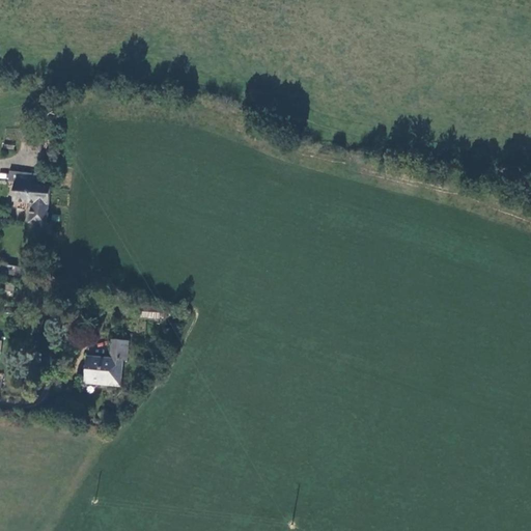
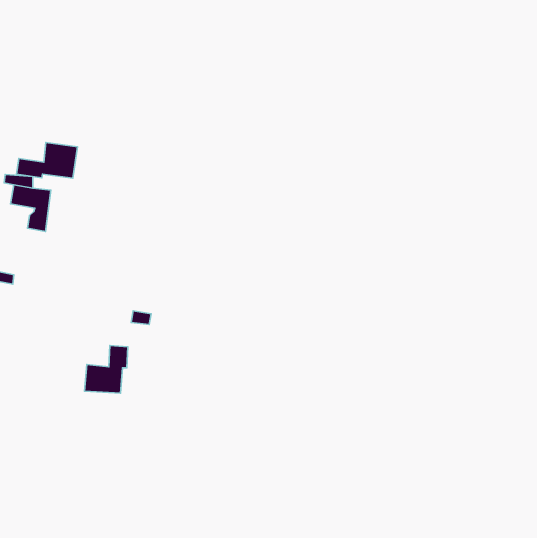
building: none -> [16,143,77,178]

